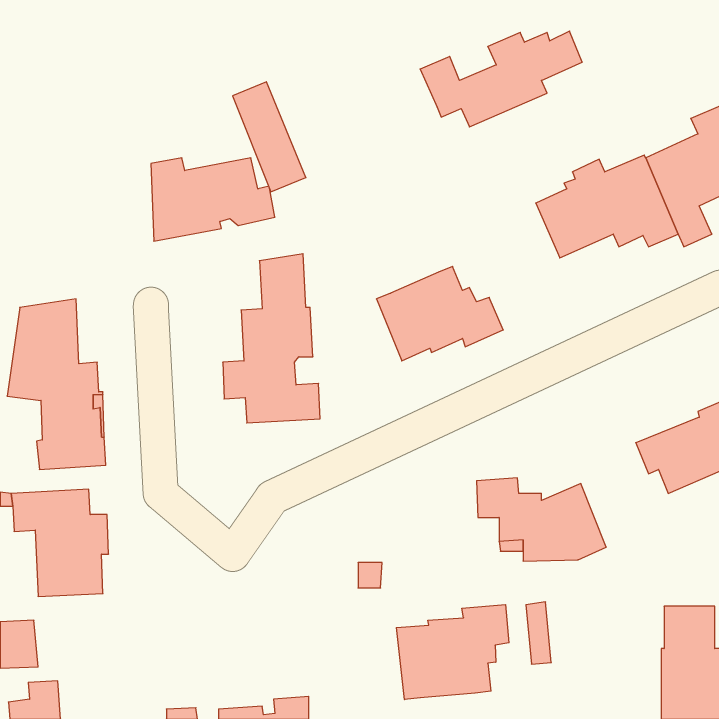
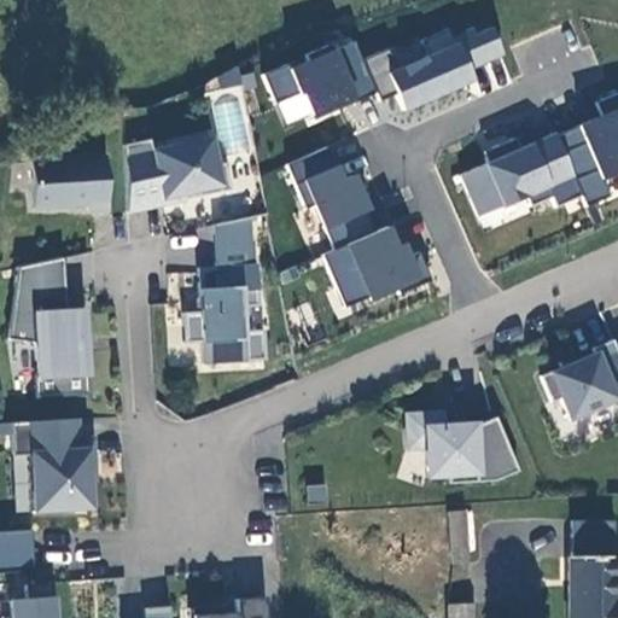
building: none -> [263,40,375,118]
building: none -> [288,148,377,251]
building: none -> [31,156,109,210]
building: [396,605,509,700] -> none

